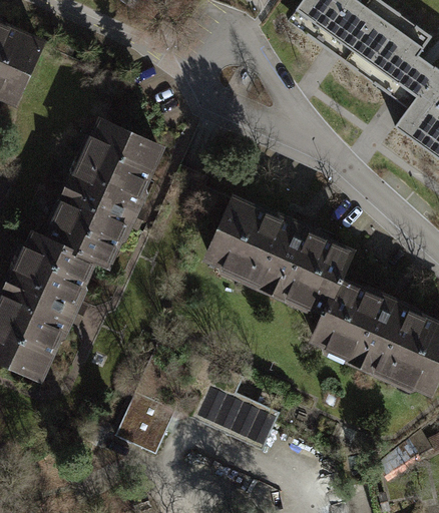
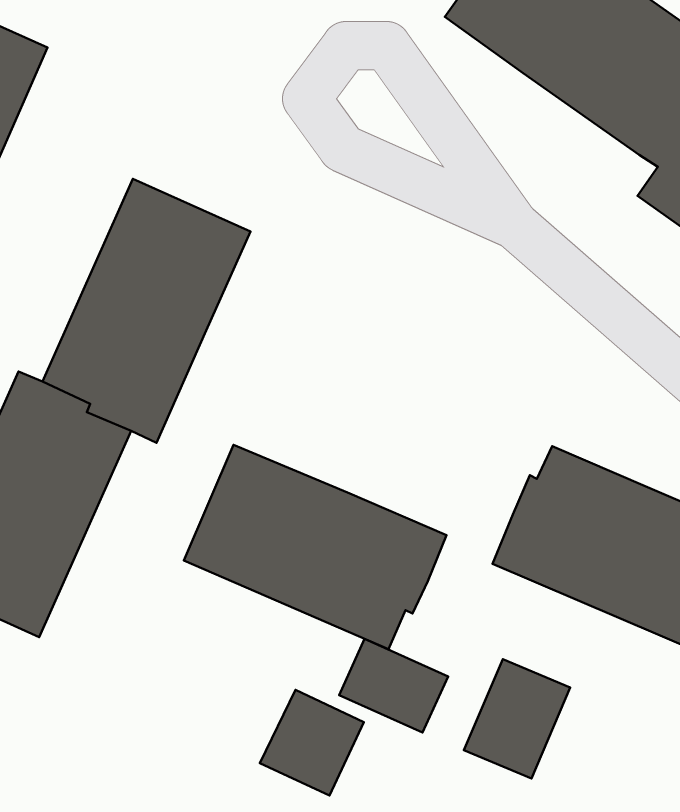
building: [199,194,354,315] -> [184,445,446,649]
building: [114,392,175,454] -> [260,690,364,796]
building: none -> [464,659,570,779]

